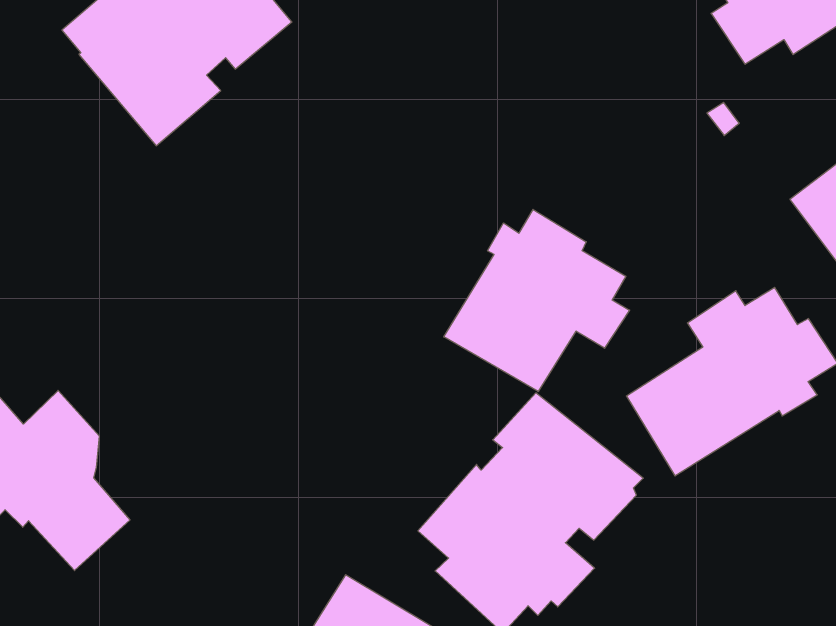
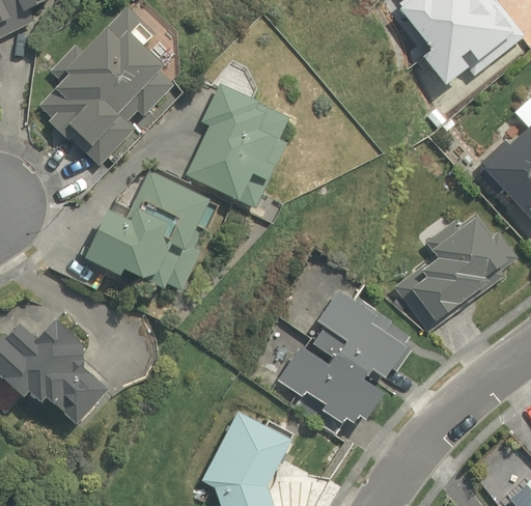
building: none -> [186,83,287,205]
building: none -> [81,171,220,289]
building: [444,209,630,392] -> none

